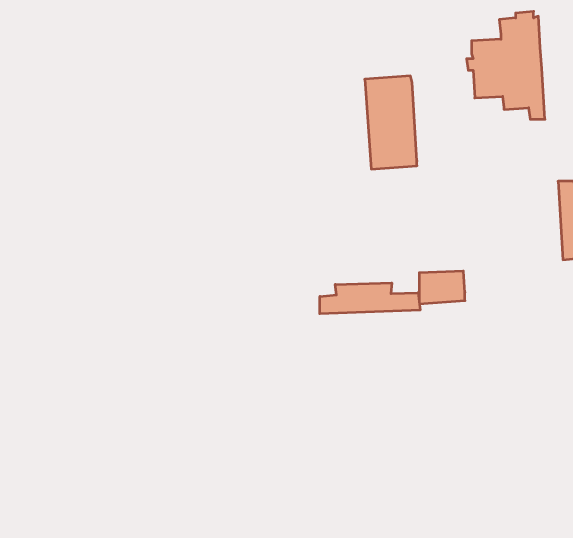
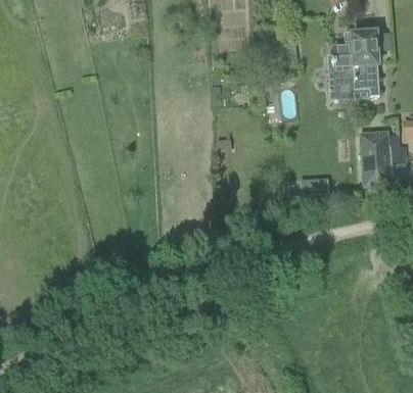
building: [365,76,417,169] -> [358,130,391,188]
building: [320,283,420,314] -> none

